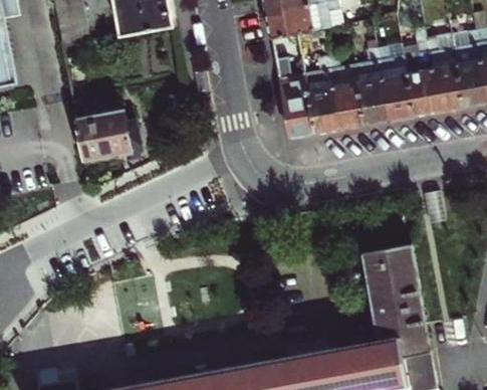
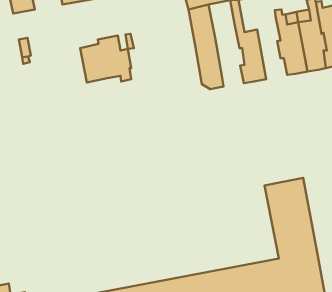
building: [353,50,390,126] -> none
building: [303,59,338,135] -> none
building: [76,105,138,161] -> [80,35,131,82]

